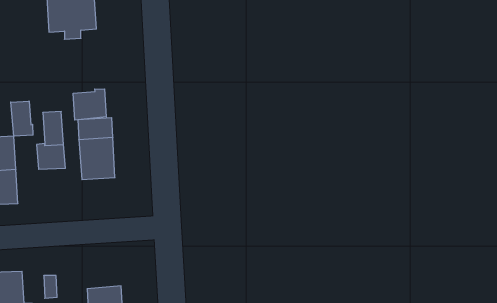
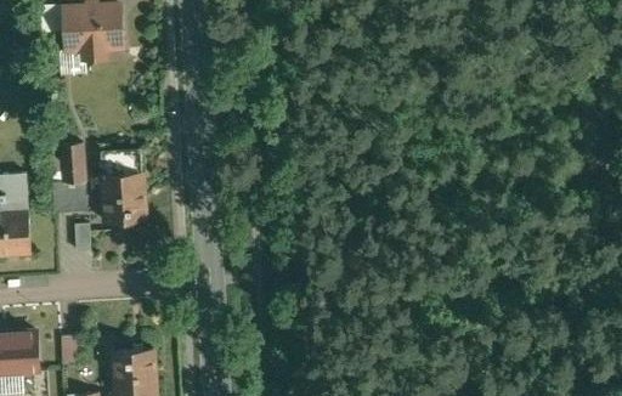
building: [73,89,106,120] -> none
building: [11,101,33,136] -> none

